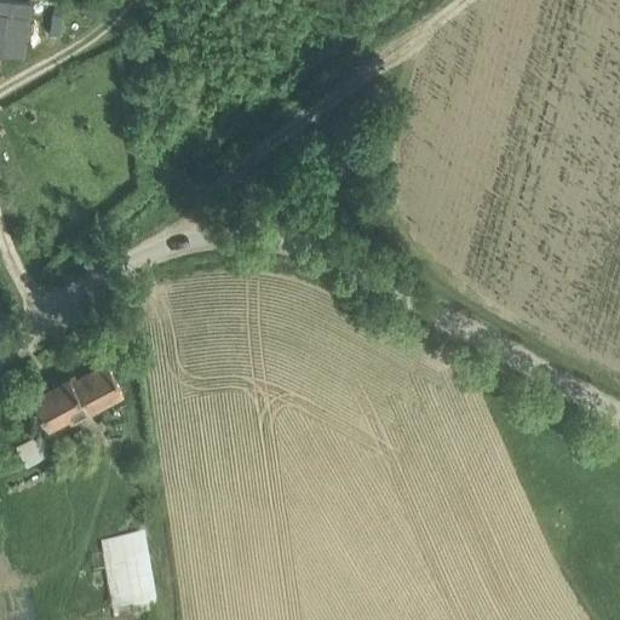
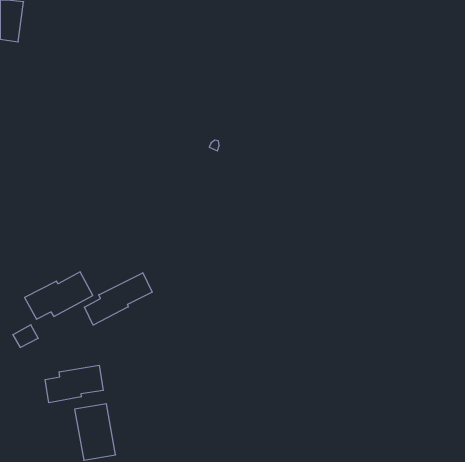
building: none -> [84,273,152,325]
building: none -> [45,365,103,403]

